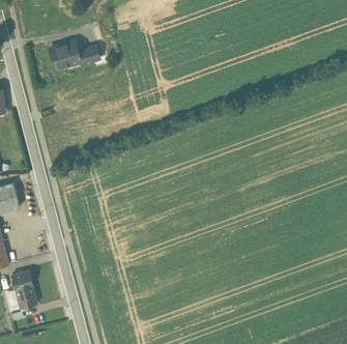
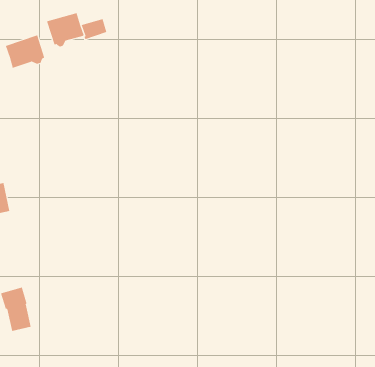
building: none -> [5,34,45,69]

